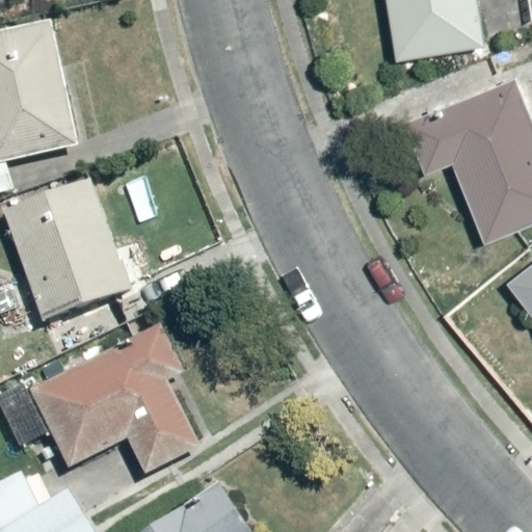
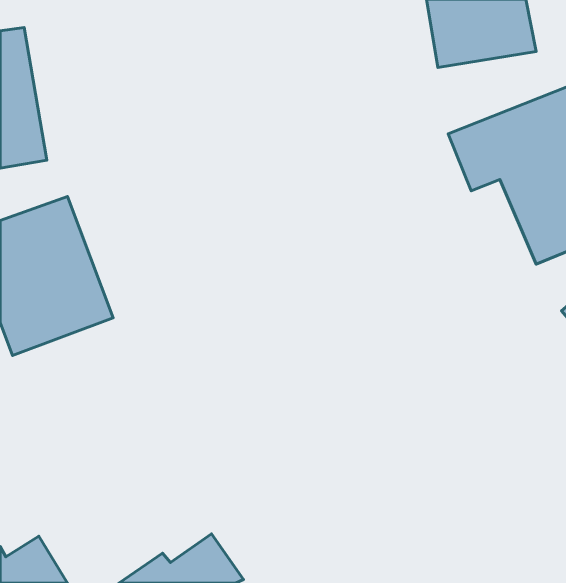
building: [22,332,186,466] -> none

